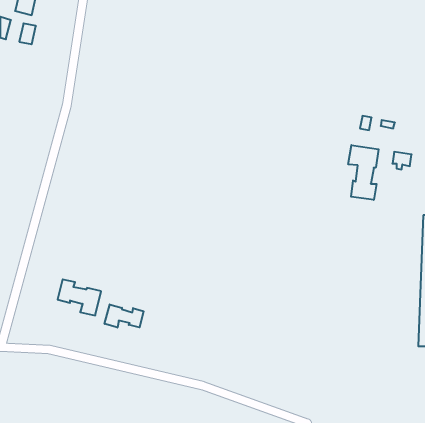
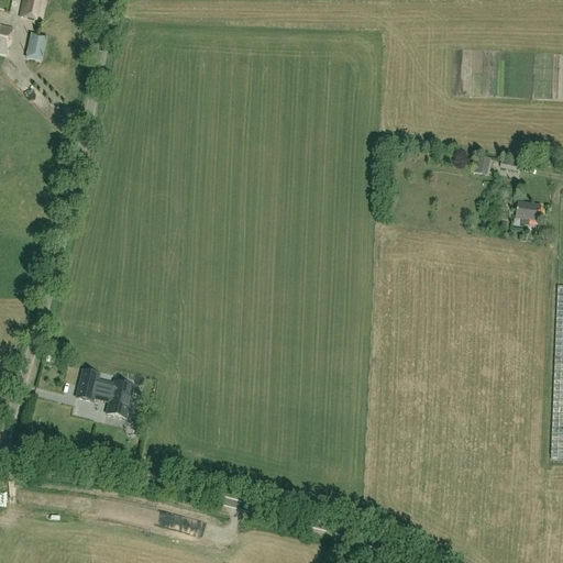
building: [348,145,379,200] -> none
building: [105,304,144,328] -> none

